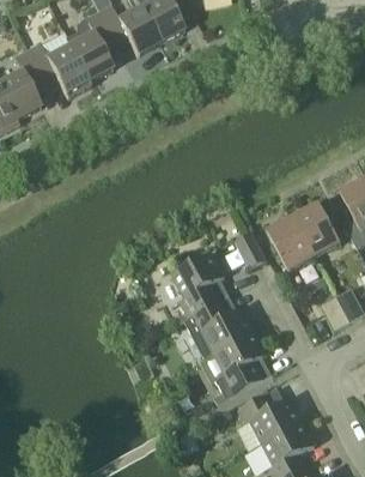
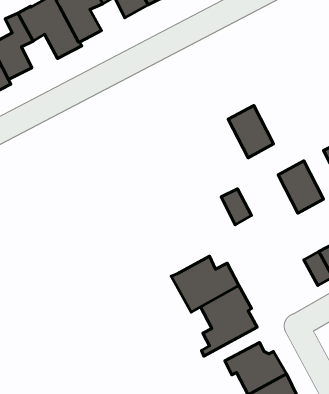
building: [267,218,314,272] -> [228,105,274,158]
building: [171,254,224,322] -> none

